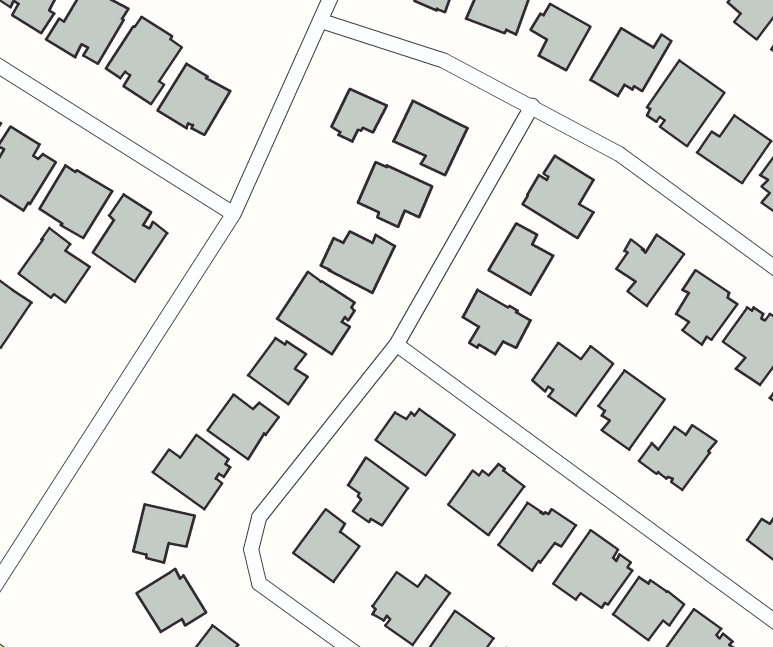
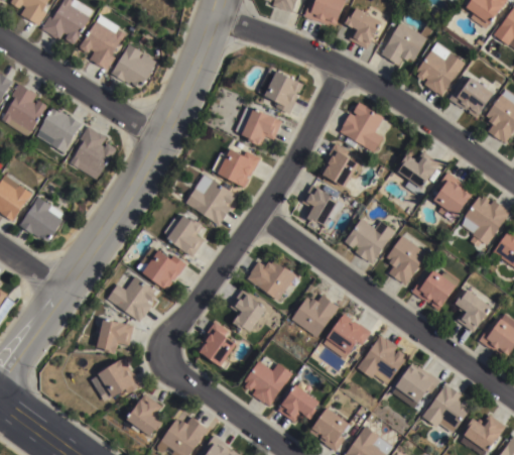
building: [332,89,387,142] -> none
building: [19,228,90,302] -> [19,196,63,242]
building: none -> [454,291,490,333]

